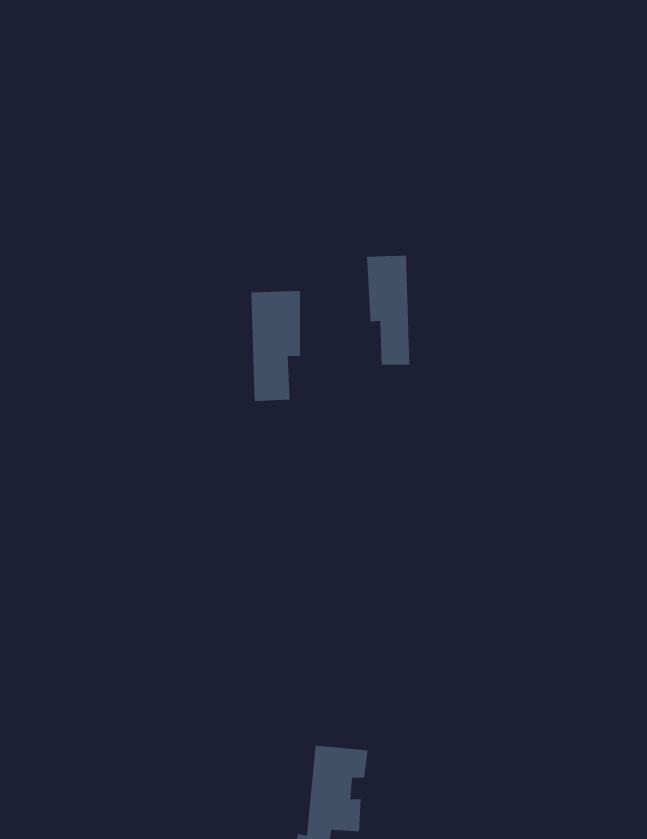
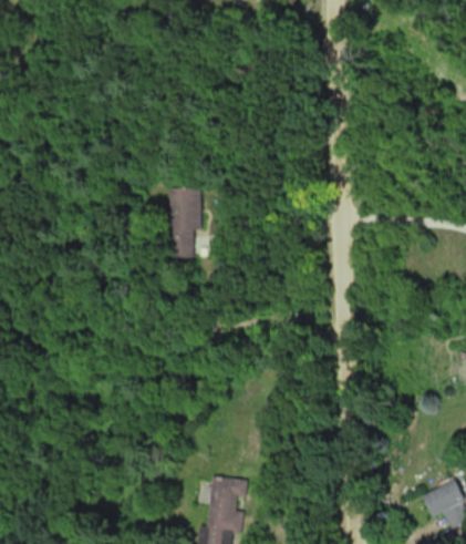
building: [367,255,410,365] -> none

